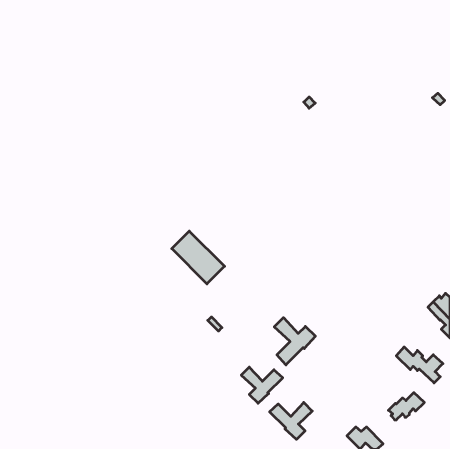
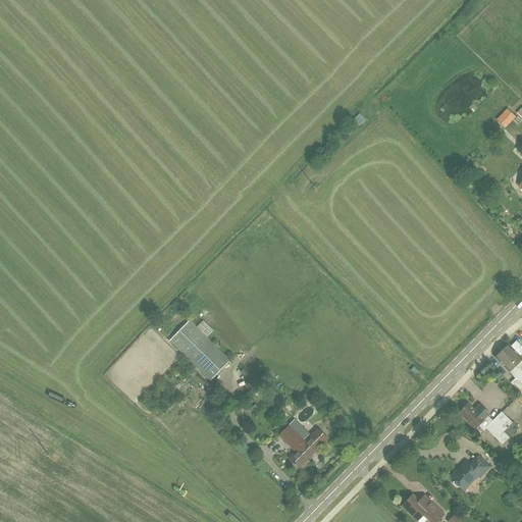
building: [172,231,225,284] -> [169,319,230,380]
building: [274,318,315,365] -> none
building: [270,402,312,439] -> none

